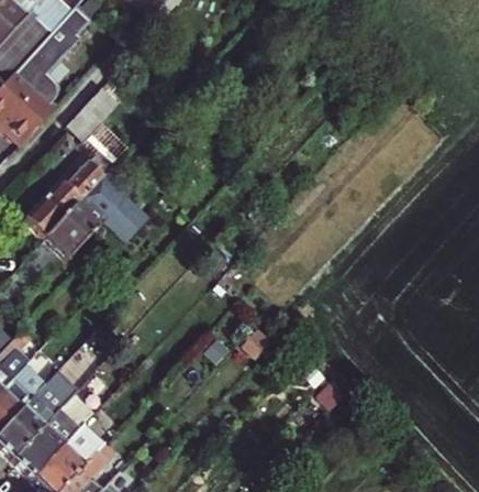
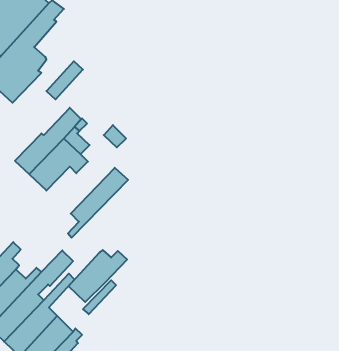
building: none -> [68,168,128,238]
building: none -> [69,250,127,302]

